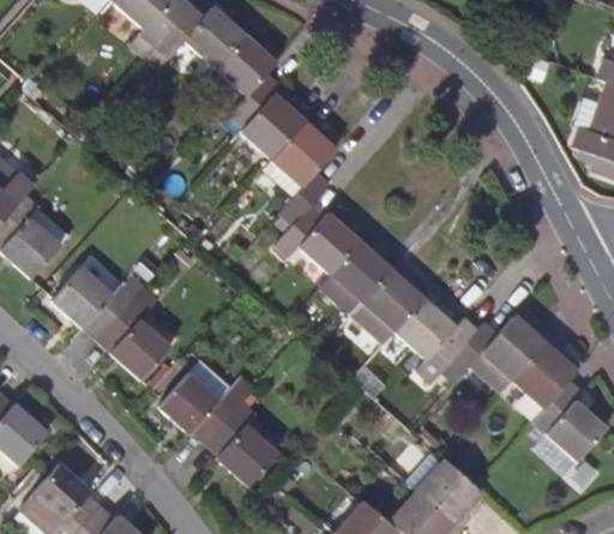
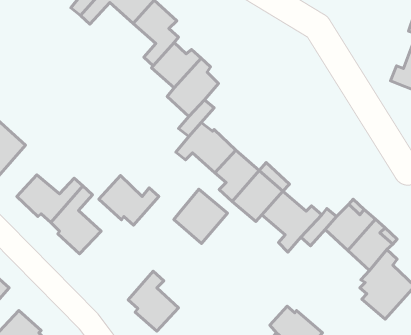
building: none -> [174,189,228,244]
building: [162,379,245,448] -> [99,176,159,225]

